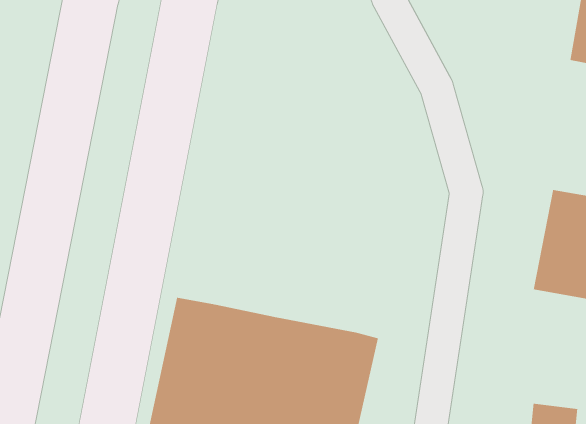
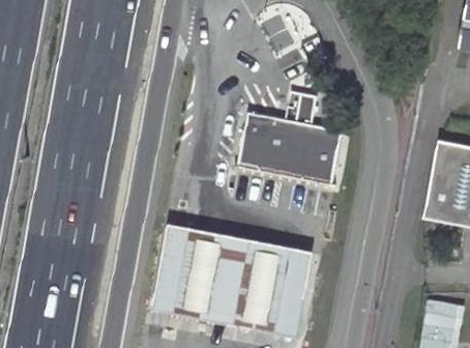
building: none -> [238,92,343,183]

